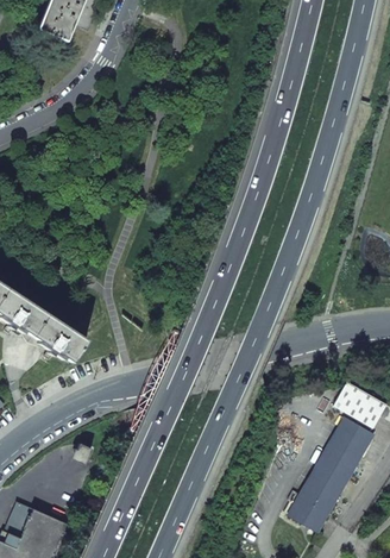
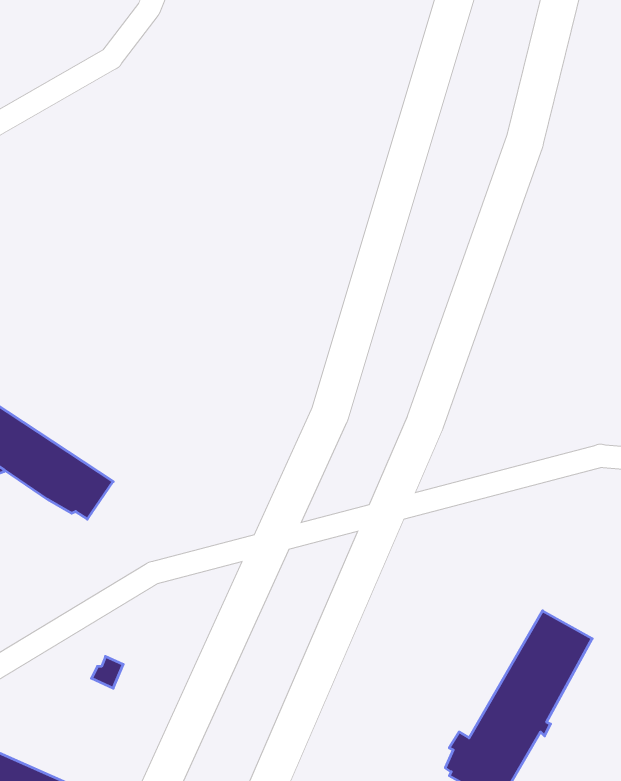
building: [332,382,384,427] -> none

